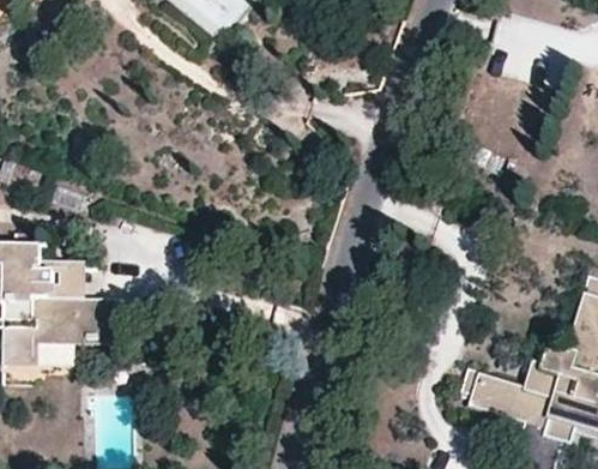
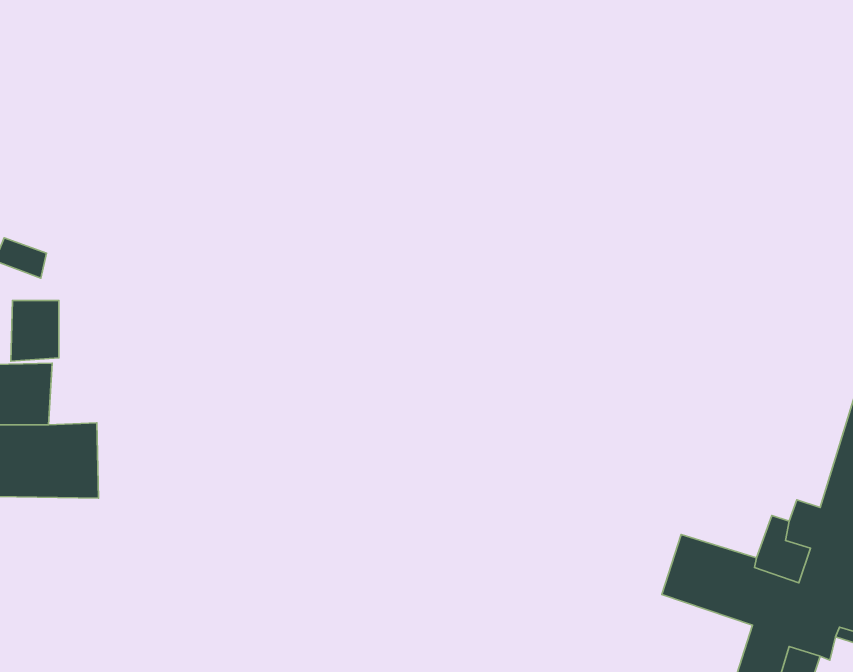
building: none -> [11,300,59,361]

